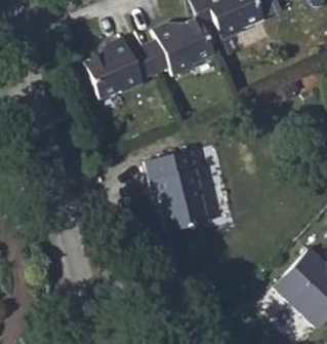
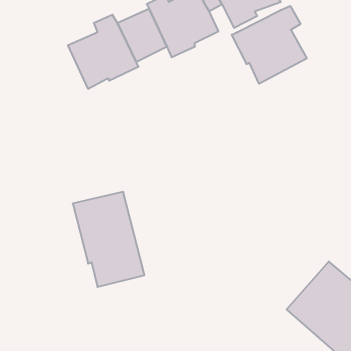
building: none -> [232,6,307,84]
building: [155,146,217,229] -> [73,192,144,287]

